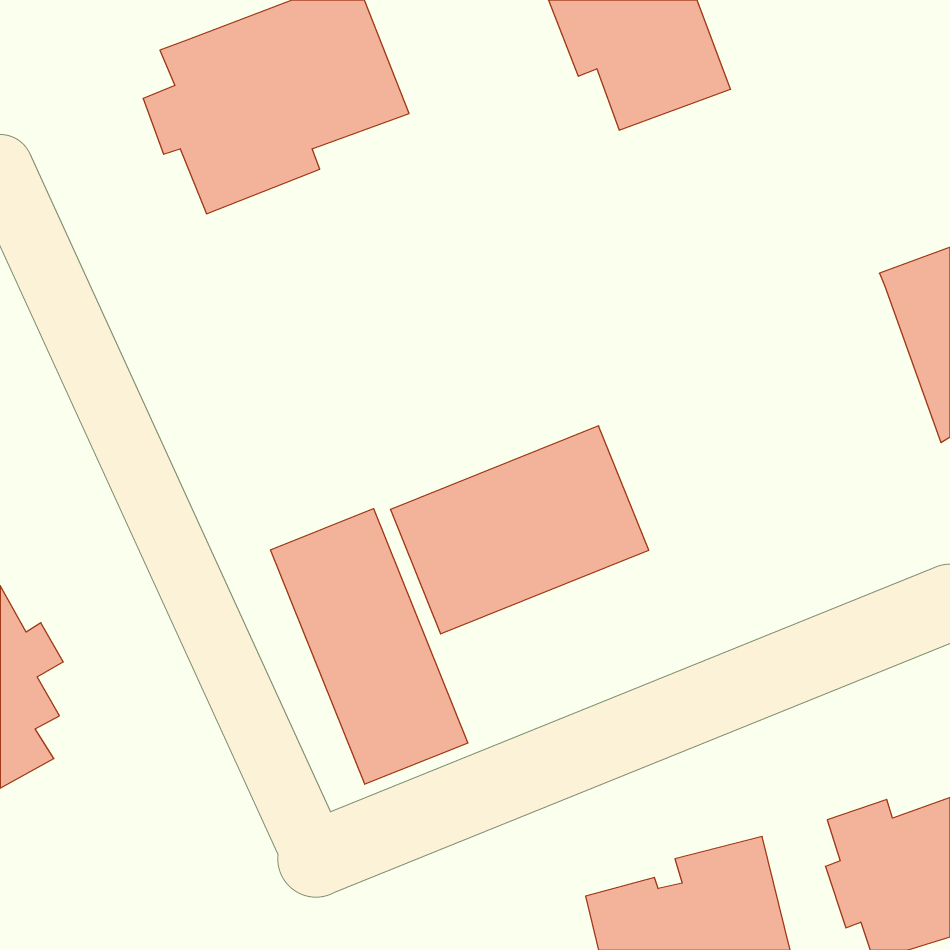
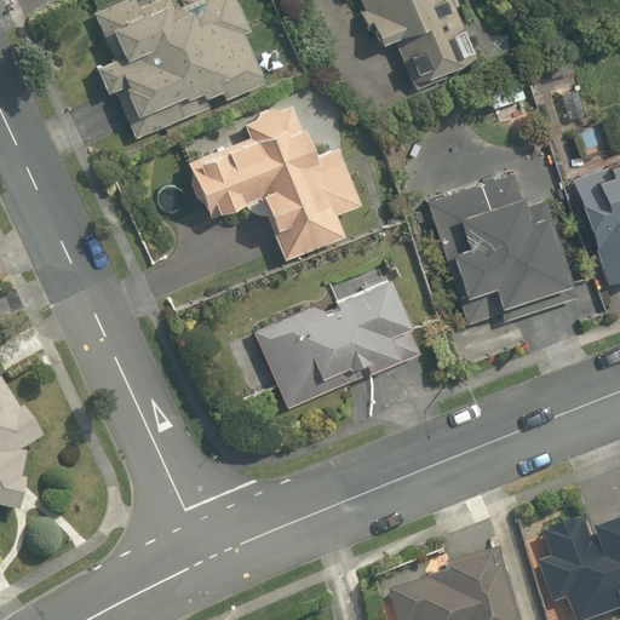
building: none -> [186,98,361,260]
building: none -> [417,161,584,329]
building: [271,509,468,784] -> none

